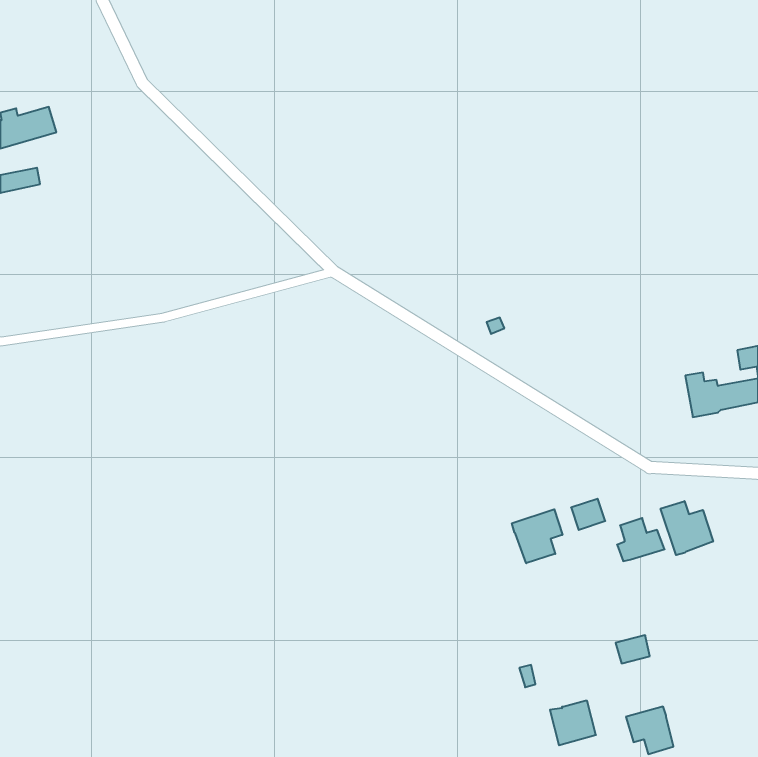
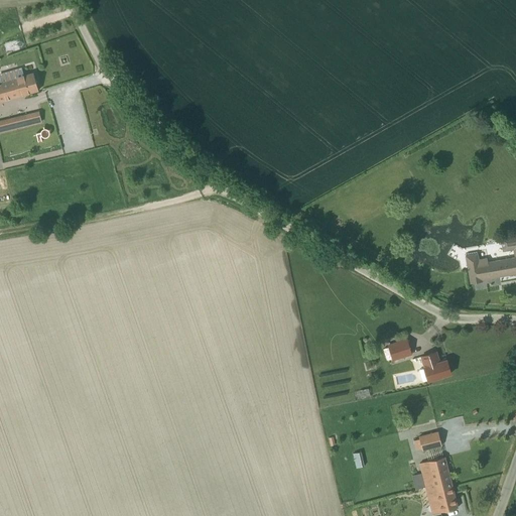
building: [661,501,713,555] -> none
building: [512,509,562,563] -> none
building: [550,701,596,745] -> [419,458,450,488]

